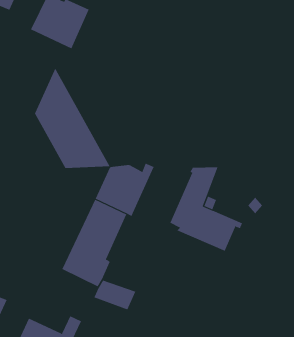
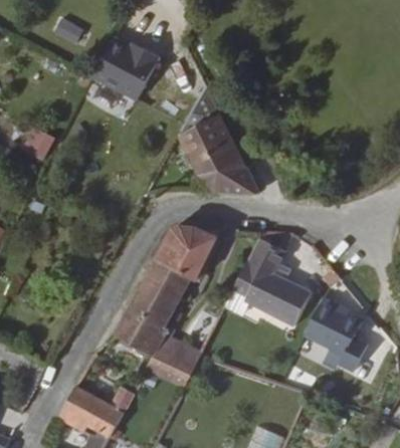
building: [34,67,111,168] -> [178,83,258,196]
building: none -> [303,300,365,373]

